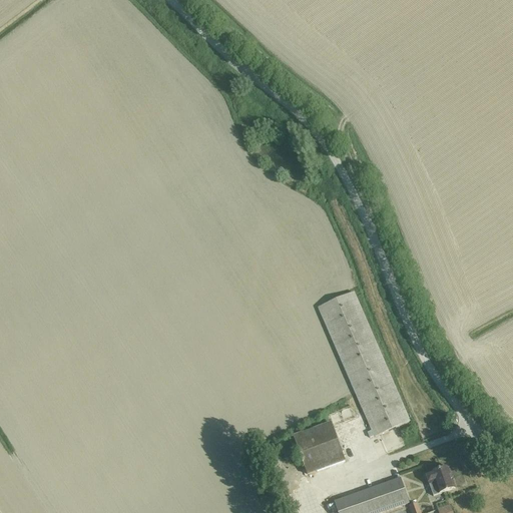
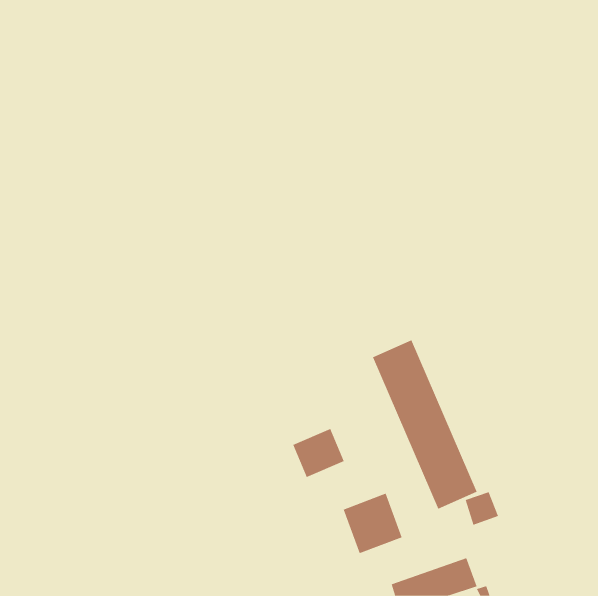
building: none -> [293,428,344,478]
building: [426,466,455,495] -> [465,492,499,525]

